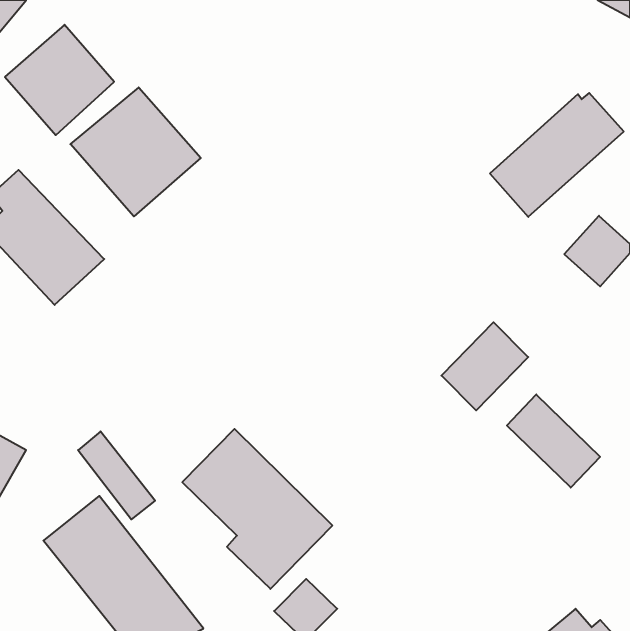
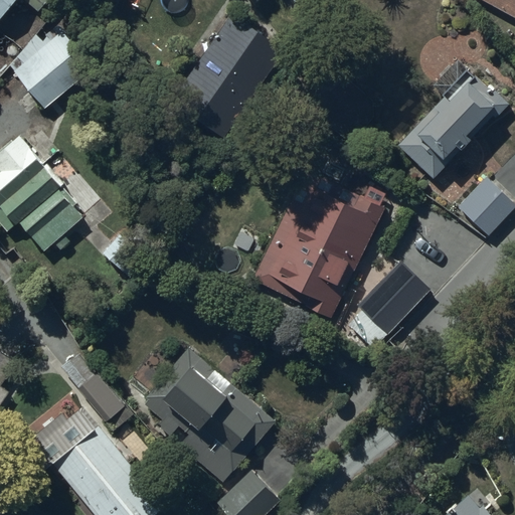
building: none -> [175,18,290,143]
building: [70,87,201,216] -> none
building: none -> [252,172,384,320]
building: [507,394,600,488] -> none

